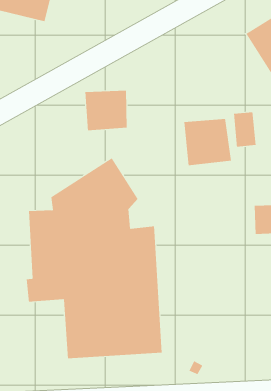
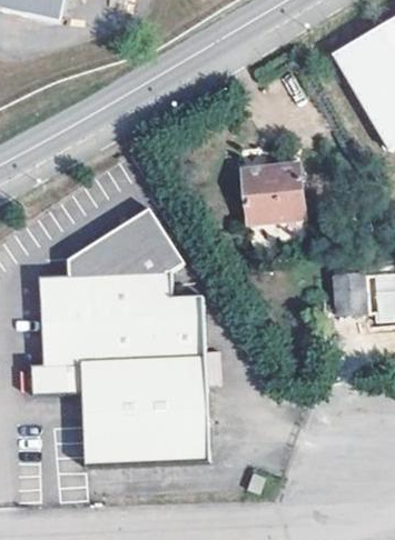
building: [85,90,127,131] -> none
building: [234,111,256,147] -> none

